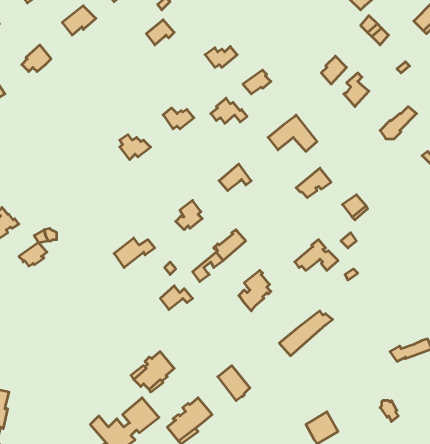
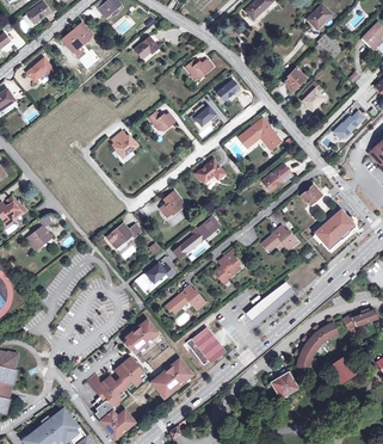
building: none -> [314,208,357,249]
building: none -> [165,284,205,314]
building: none -> [294,316,338,369]

